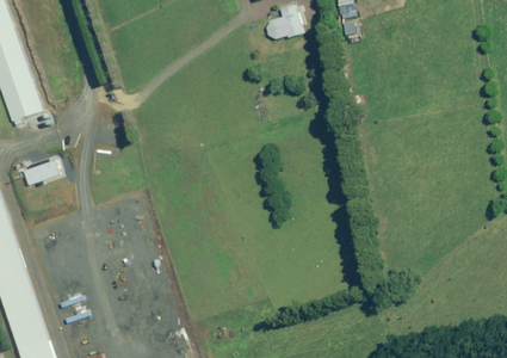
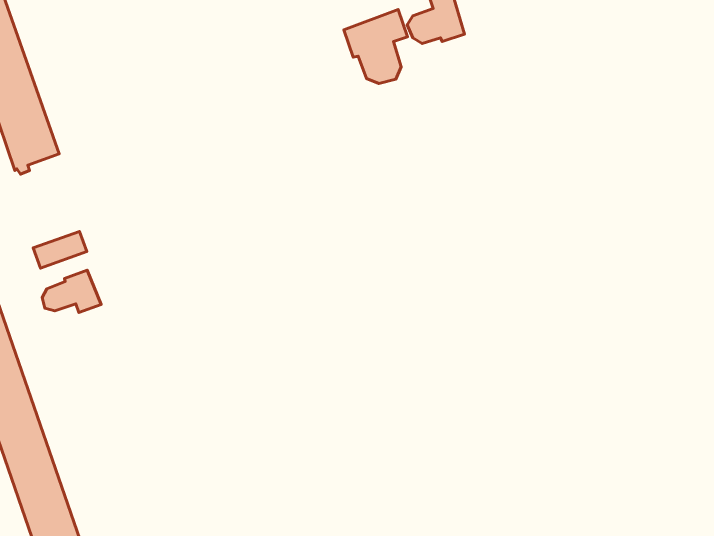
building: none -> [344,10,407,83]
building: none -> [42,270,101,312]

